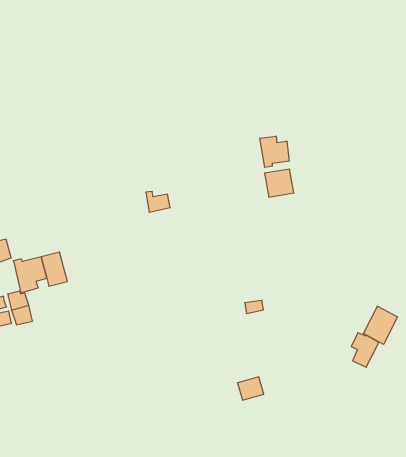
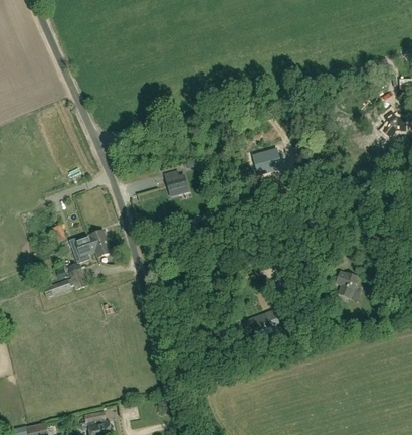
building: [260,136,289,167] -> none
building: [363,306,397,344] -> none

